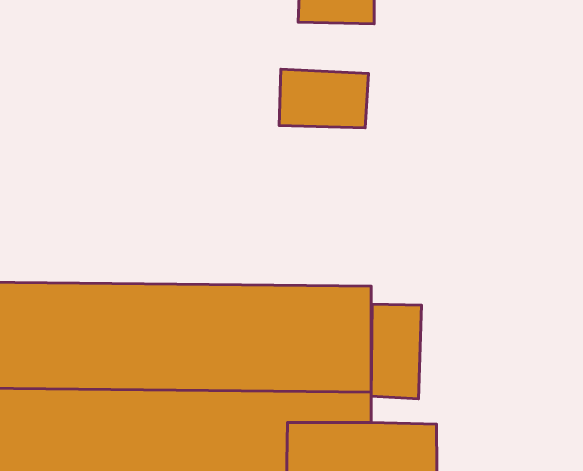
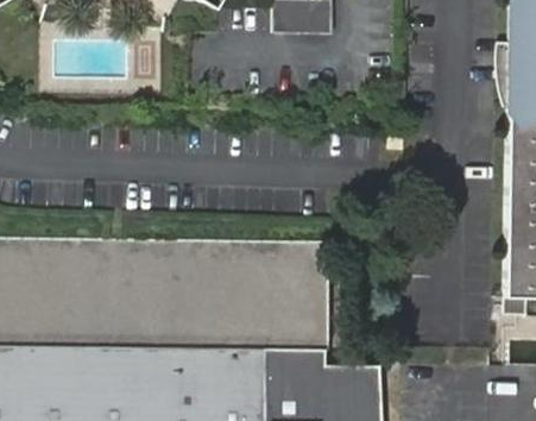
building: [279,69,369,128] -> none
building: [371,304,421,399] -> none

